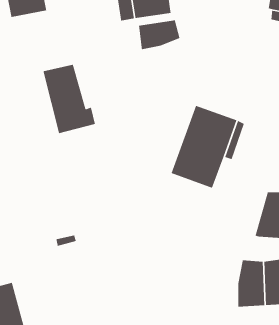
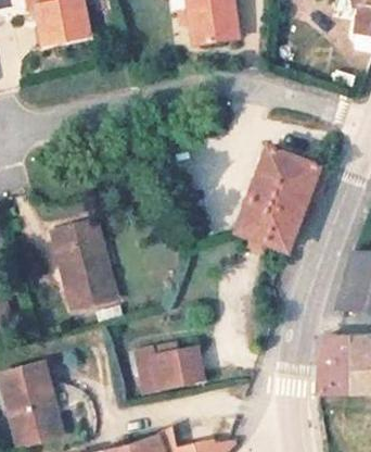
building: [138,20,180,50] -> none
building: [42,64,96,134] -> [52,224,117,310]
building: none -> [136,348,202,388]

